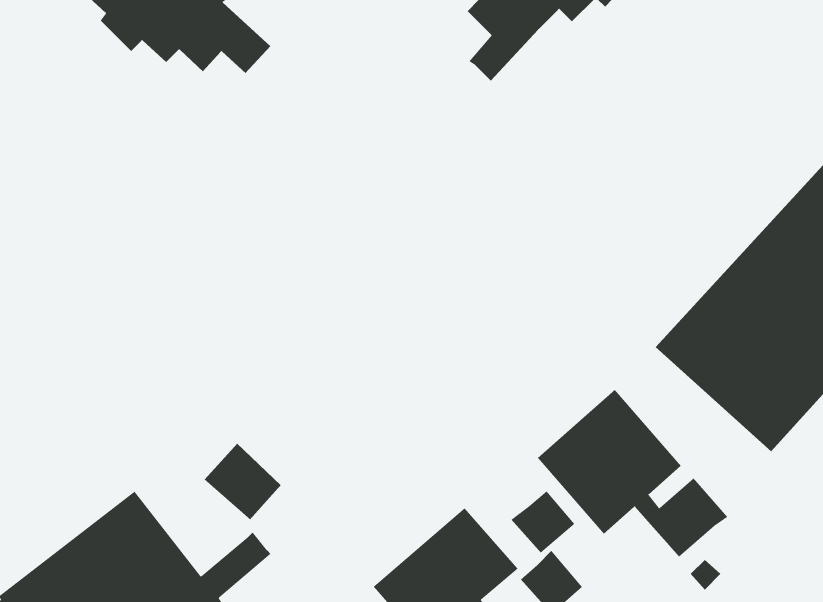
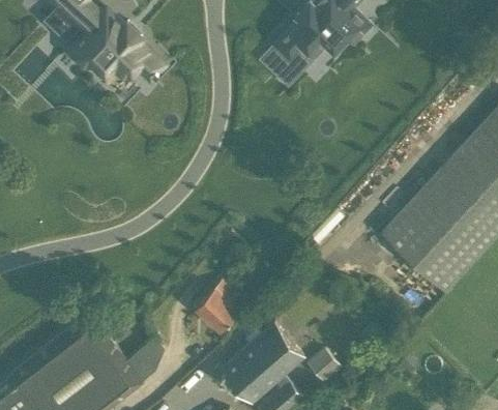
building: [537,389,728,558] -> none
building: [204,443,281,520] -> [195,288,238,331]
building: [511,490,575,553] -> none

